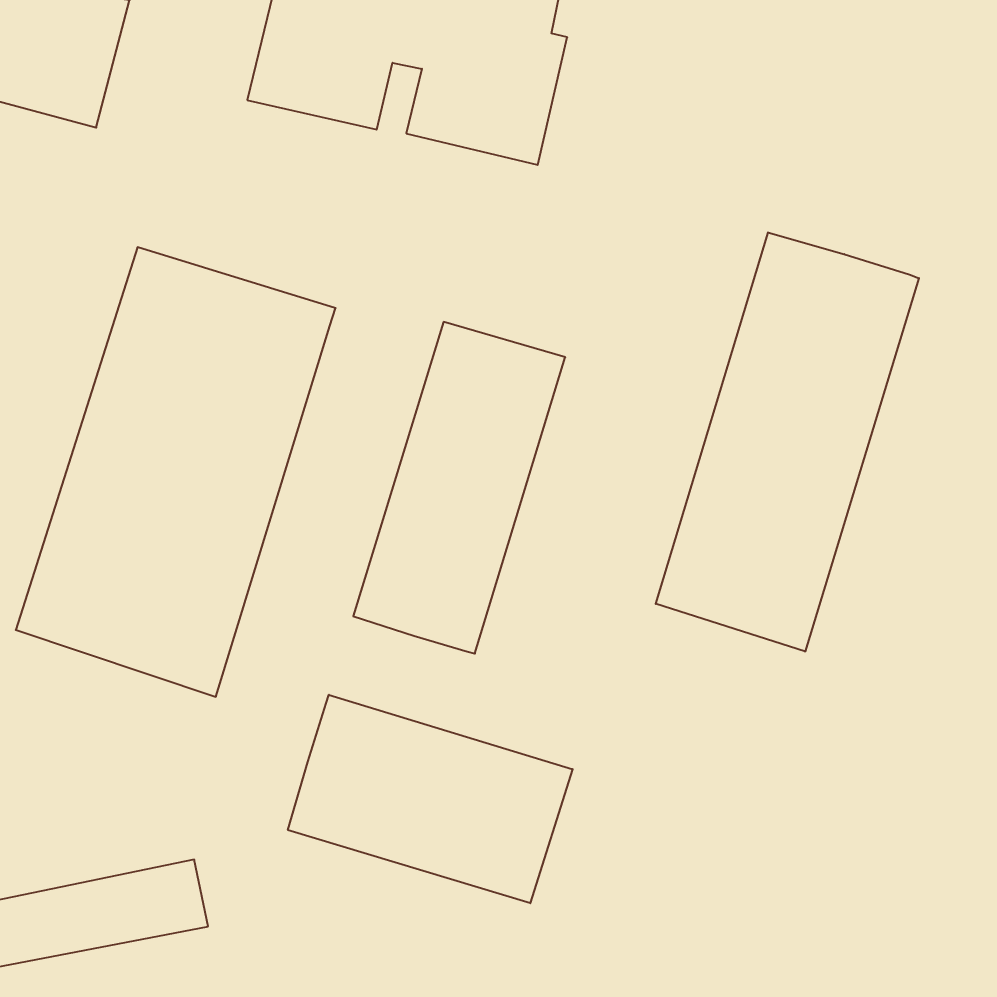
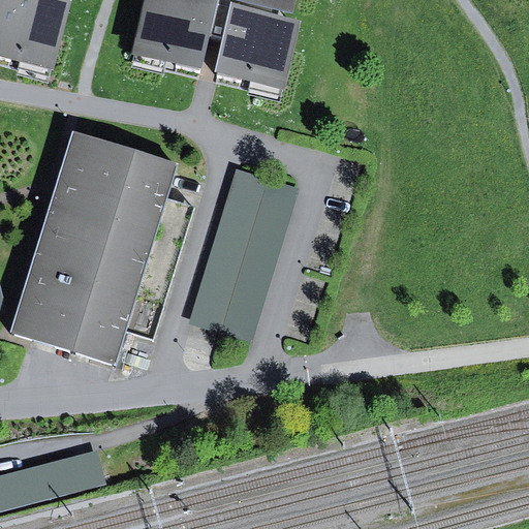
building: [656,232,919,652] -> none
building: [288,695,573,903] -> none

